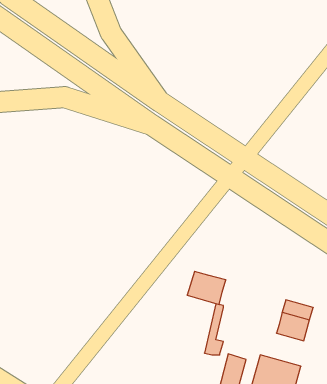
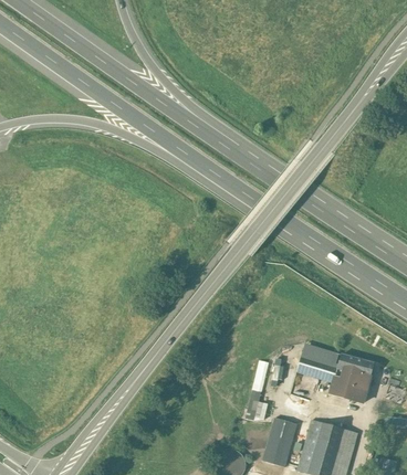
building: [187,271,226,305] -> [296,345,342,383]

